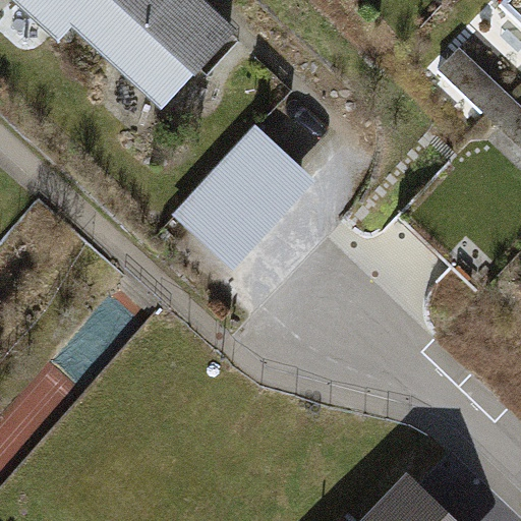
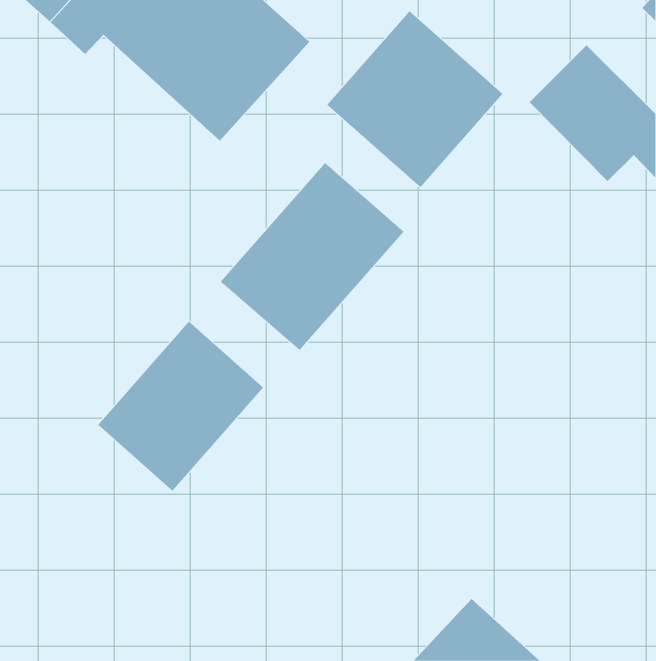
building: none -> [327,11,503,188]
building: none -> [97,321,264,491]

